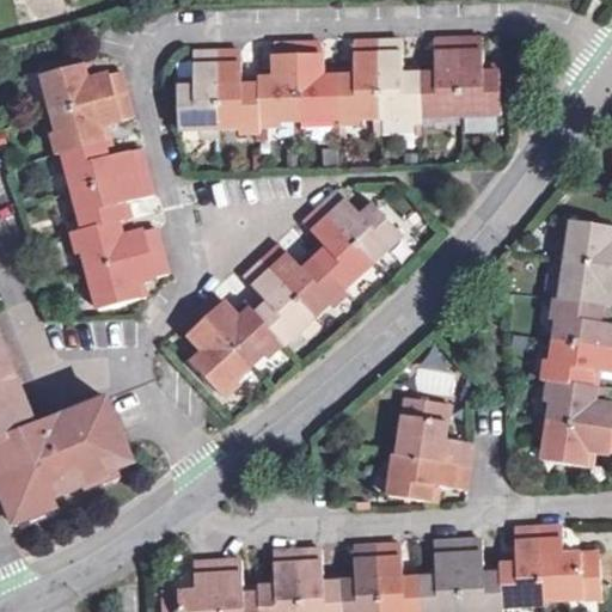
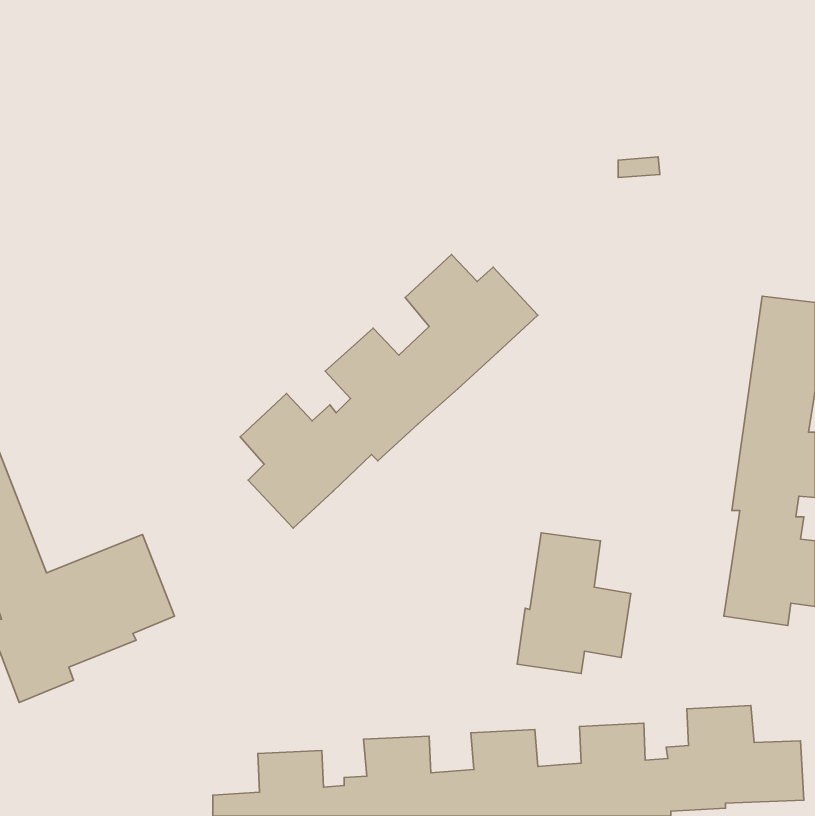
building: [176,39,500,130] -> none
building: [41,62,166,310] -> none

